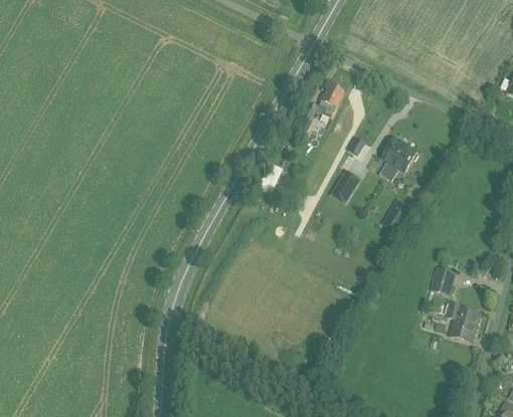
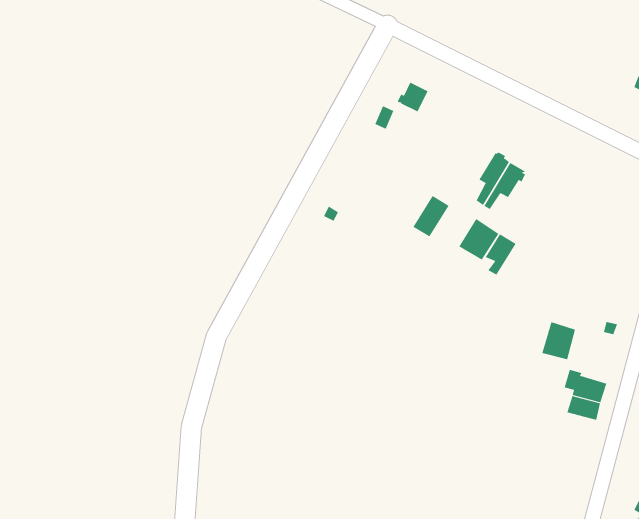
building: none -> [458,218,499,260]

